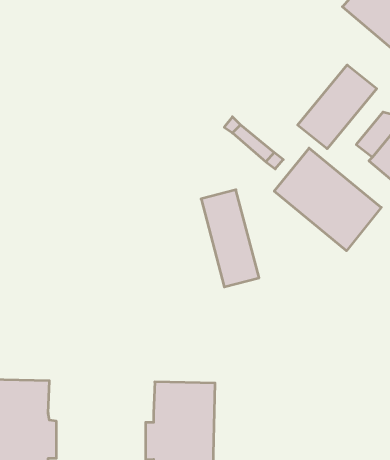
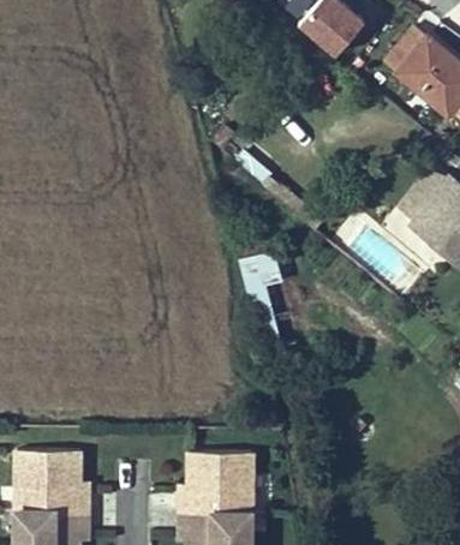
building: [298,65,377,149] -> none
building: [274,148,381,251] -> none

